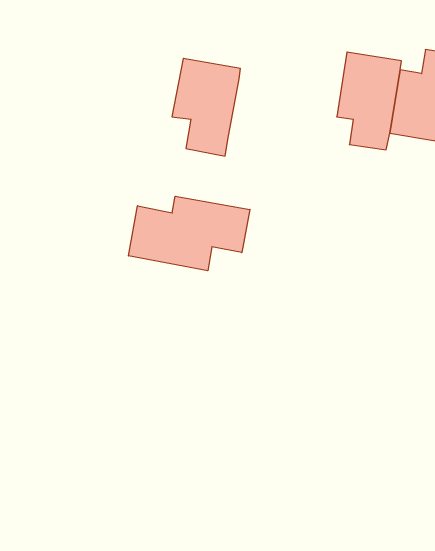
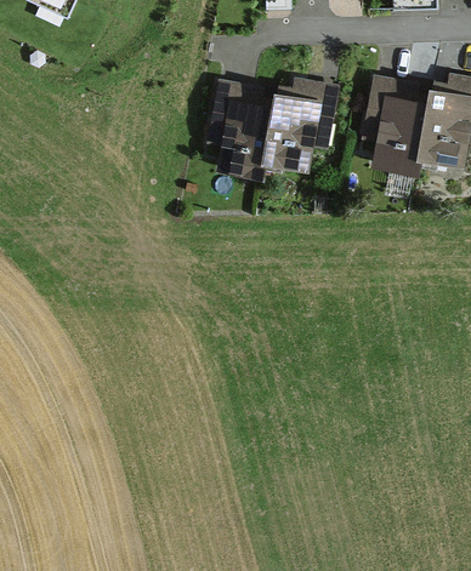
building: none -> [259,81,329,171]
building: [129,196,250,271] -> none

